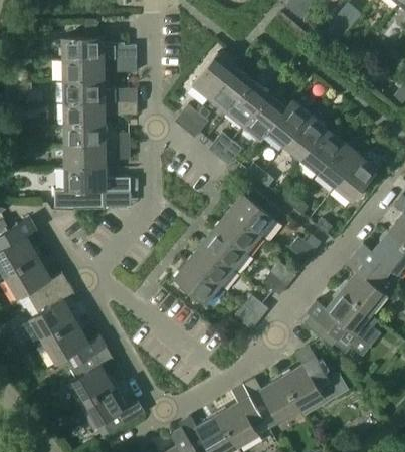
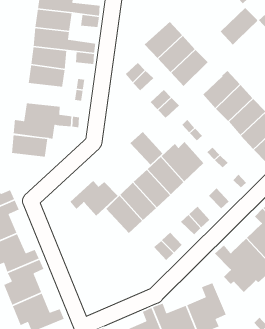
building: [244,94,286,141] -> [220,7,258,46]
building: [64,147,106,170] -> [11,135,48,158]
building: none -> [129,131,163,166]
building: none -> [69,180,119,216]

